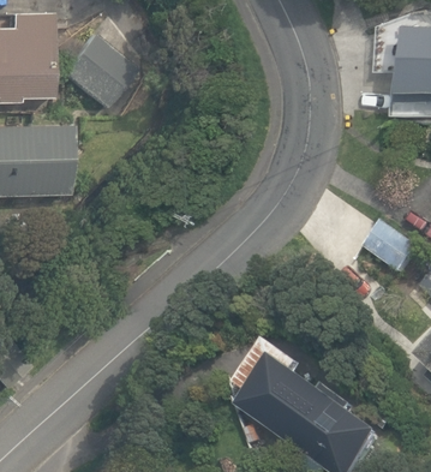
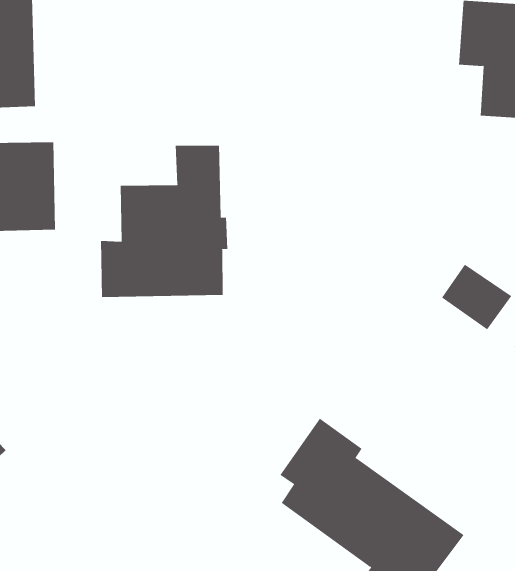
building: [60,34,134,108] -> none
building: none -> [101,145,228,298]

